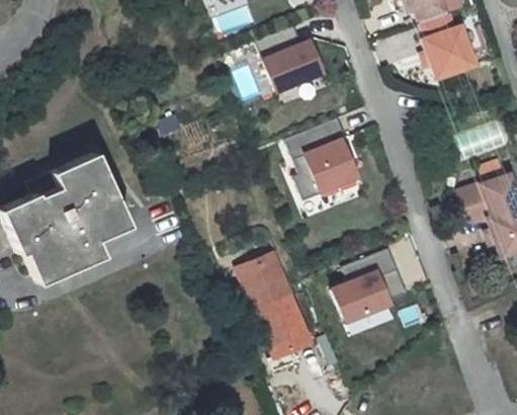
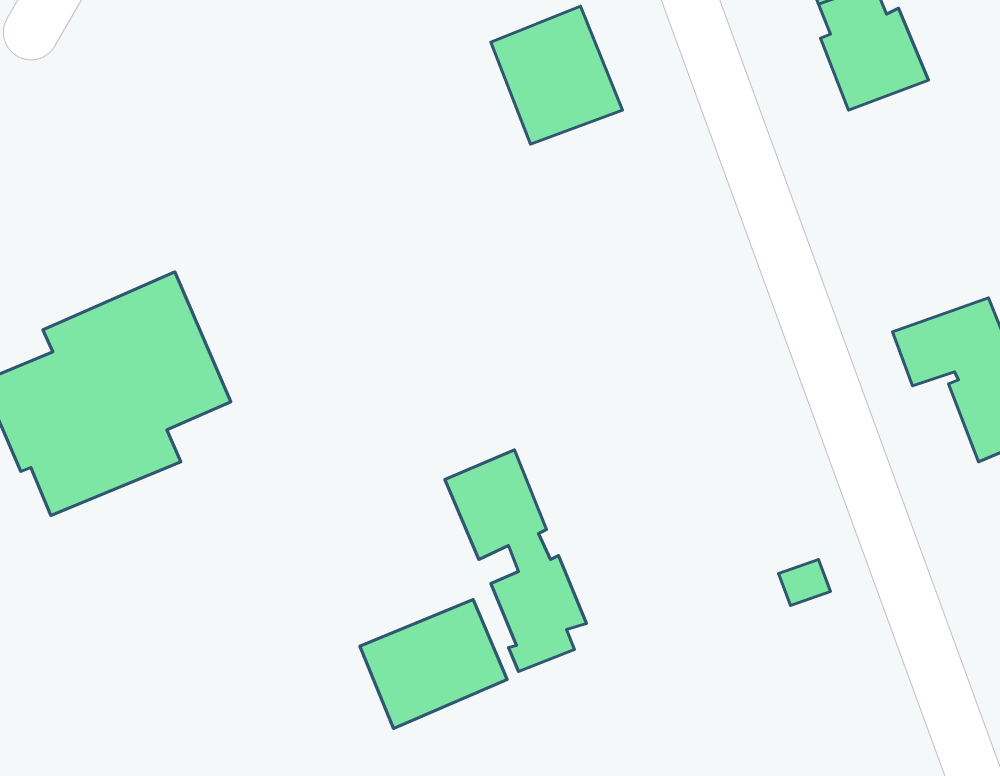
building: [281,118,363,201] -> none
building: [332,268,396,326] -> none
building: none -> [360,599,507,729]

